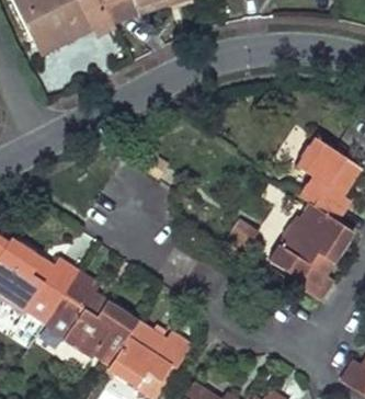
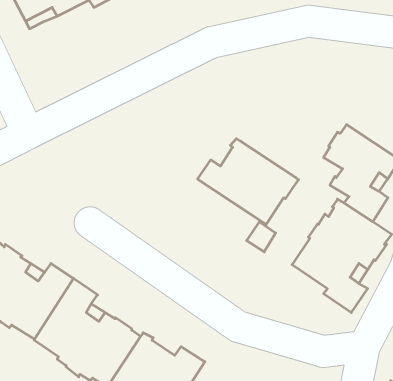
building: none -> [198,139,299,225]

